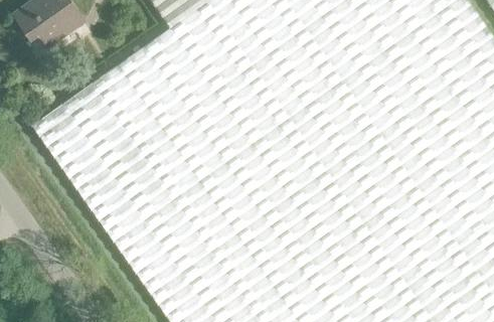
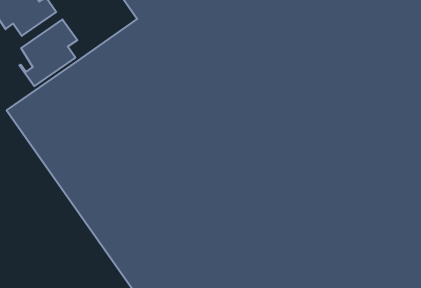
building: none -> [19,19,77,86]

